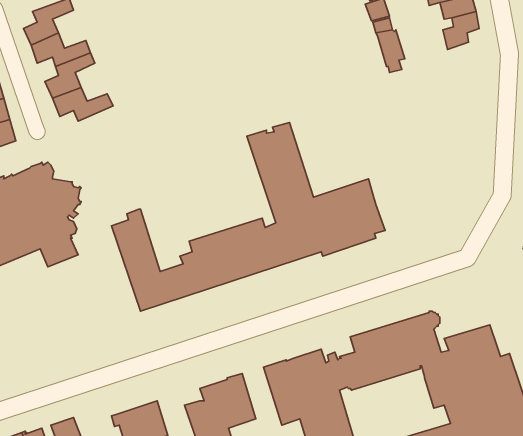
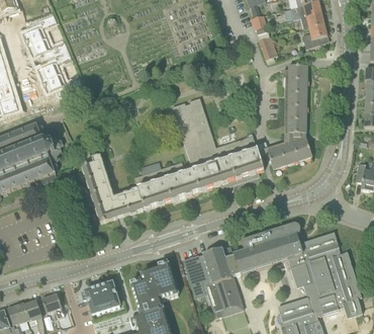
building: none -> [256,65,312,169]

